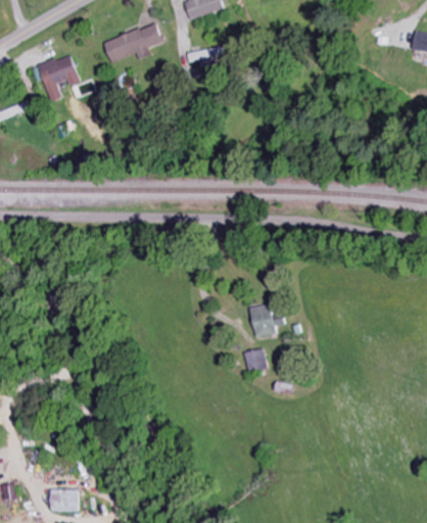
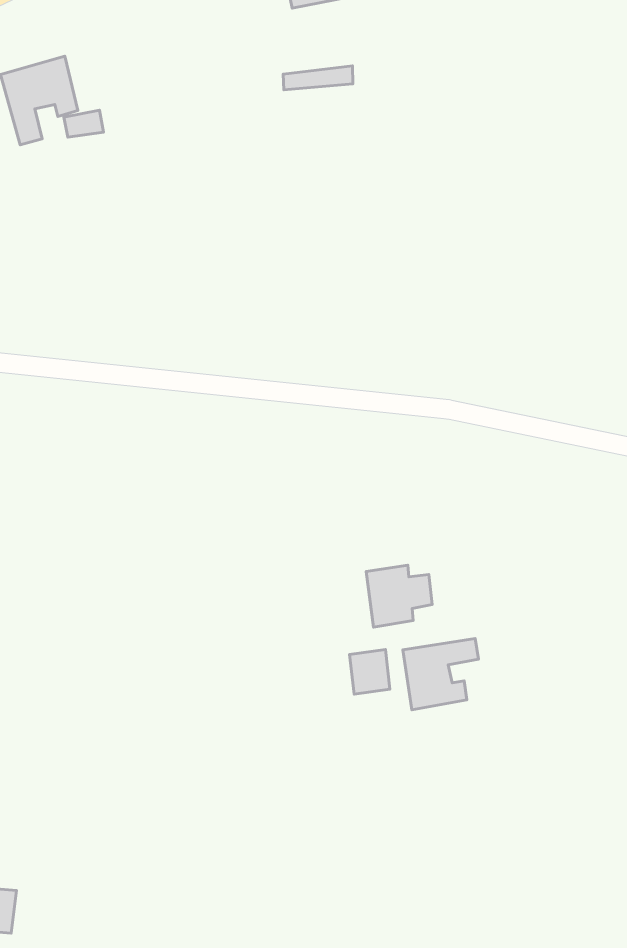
building: [104,21,164,62] -> none
building: none -> [403,639,478,710]

